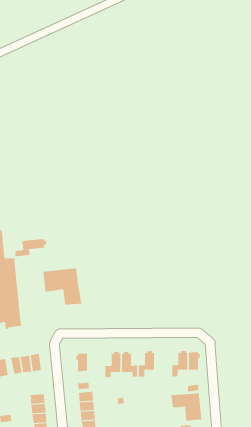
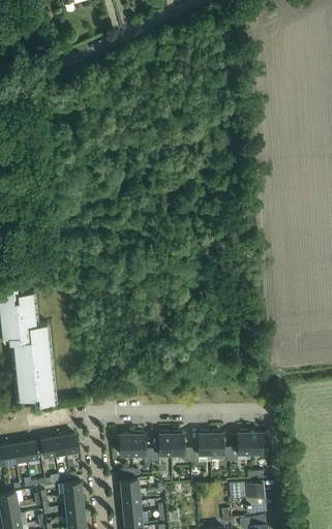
building: [15,238,47,257] -> none
building: [43,268,82,305] -> none
building: none -> [210,431,230,462]
building: none -> [131,432,151,463]

